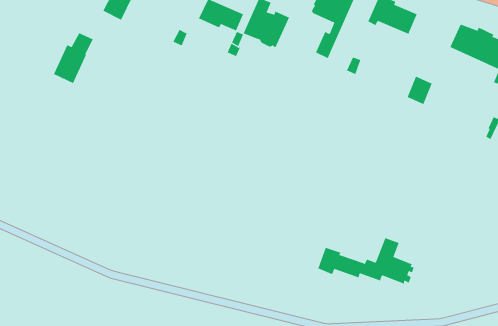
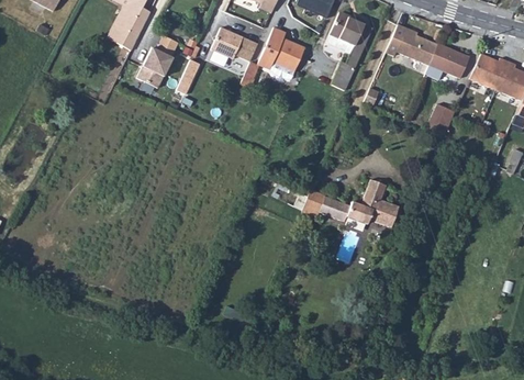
building: none -> [425,43,470,80]
building: [53,33,94,84] -> [137,35,179,88]
building: [318,238,415,285] -> [302,179,402,227]

